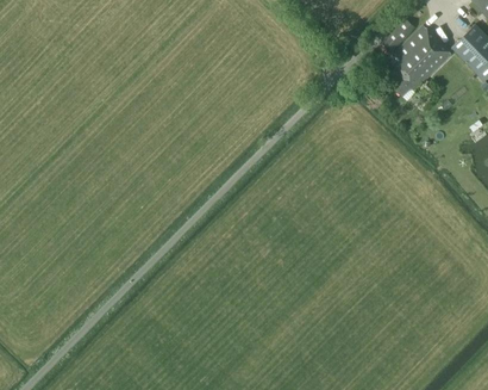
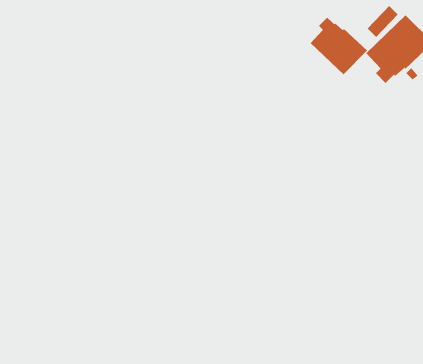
building: none -> [310,17,368,75]

